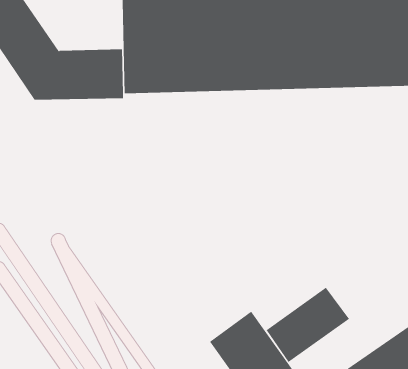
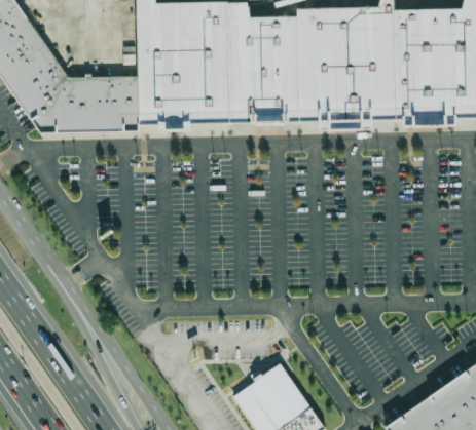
building: [266,287,350,363] -> none

